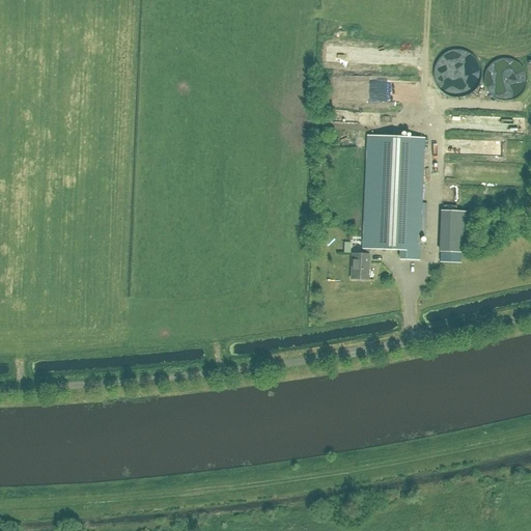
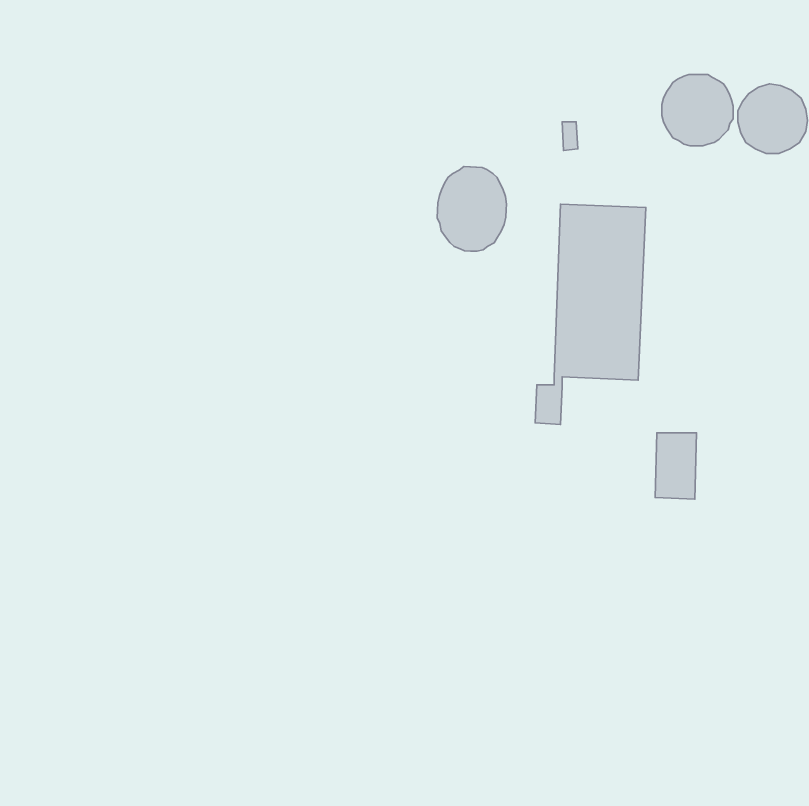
building: none -> [437,167,507,251]
building: [438,211,465,254] -> [655,433,696,499]

